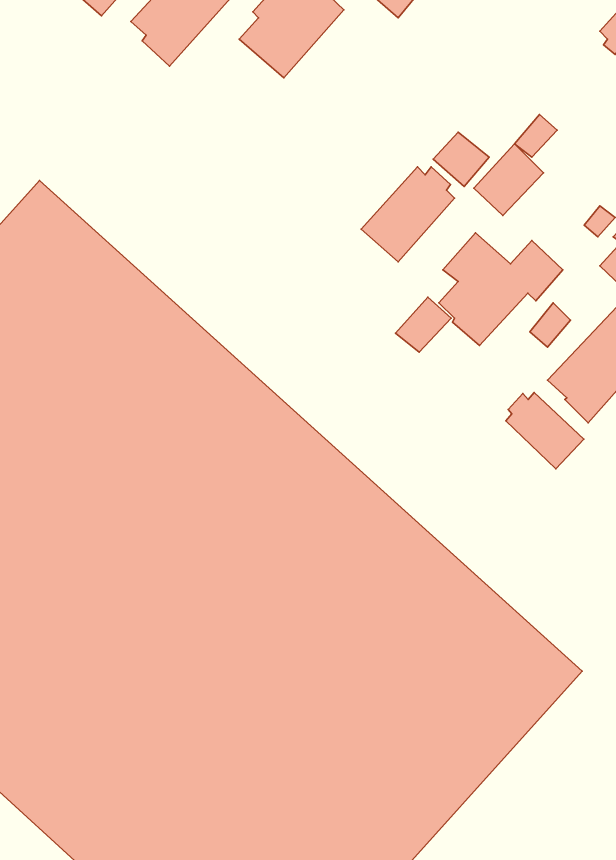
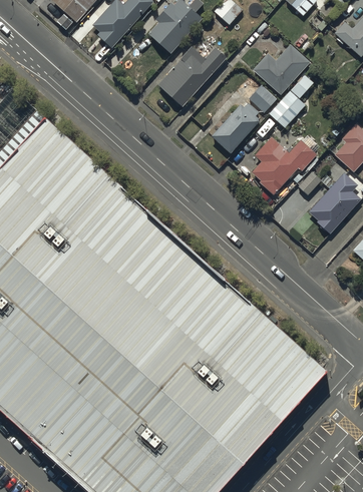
building: none -> [253,45,309,95]
building: none -> [157,46,226,105]
building: [396,297,451,352] -> none
building: [506,393,584,469] -> none

